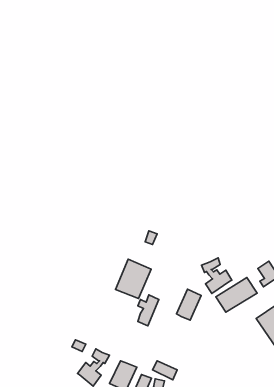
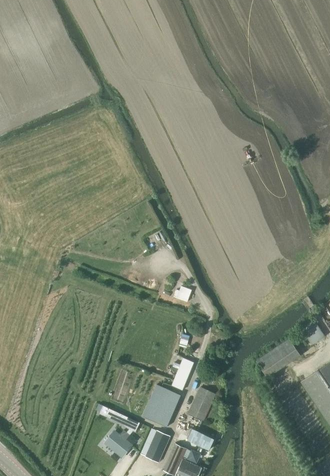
building: [201,258,232,294] -> none
building: [115,259,151,299] -> [142,384,181,427]
building: [176,289,201,320] -> [188,387,215,421]

